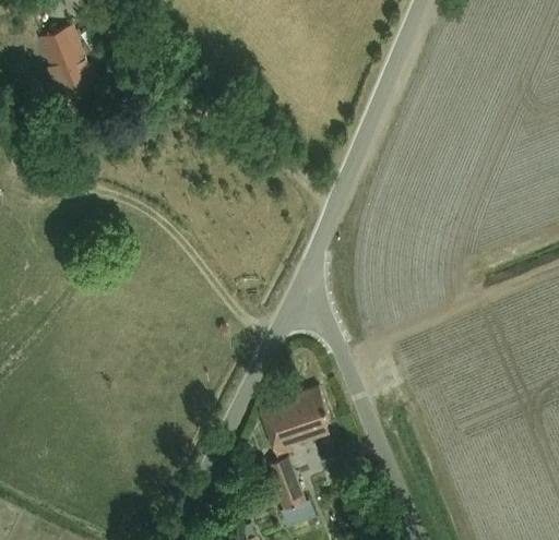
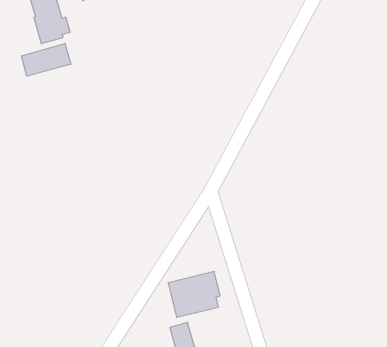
building: none -> [21,43,71,76]

